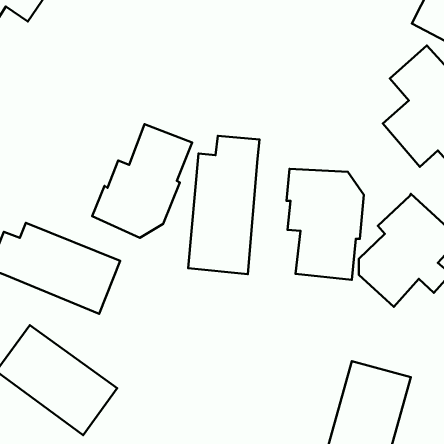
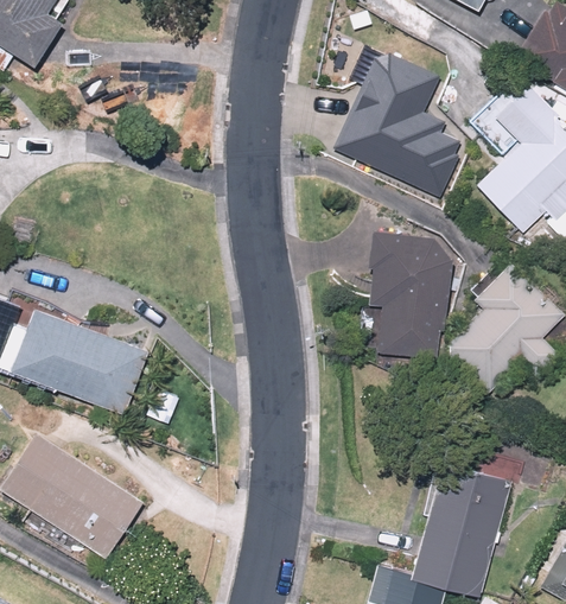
building: none -> [332,50,463,201]
building: [92,124,192,238] -> none
building: [188,136,260,274] -> none

